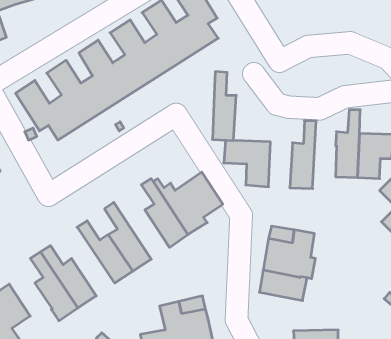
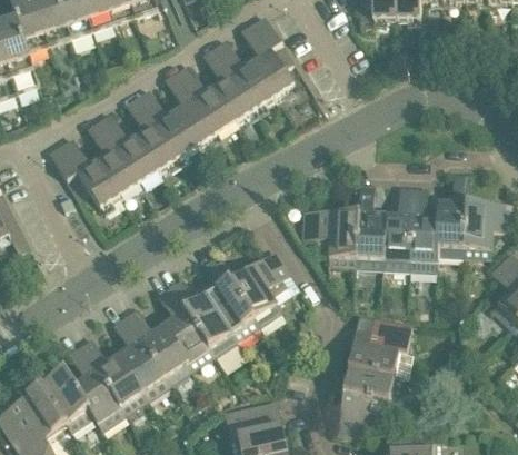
building: [212,72,236,140] -> [355,182,383,266]
building: none -> [408,185,437,268]
building: none -> [167,276,235,353]
building: none -> [111,314,168,397]
building: none -> [40,367,92,428]
building: none -> [336,393,396,438]

